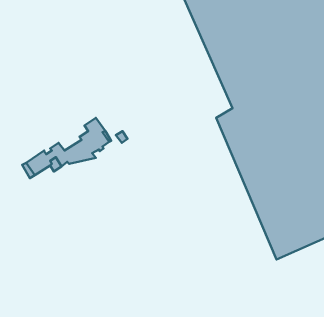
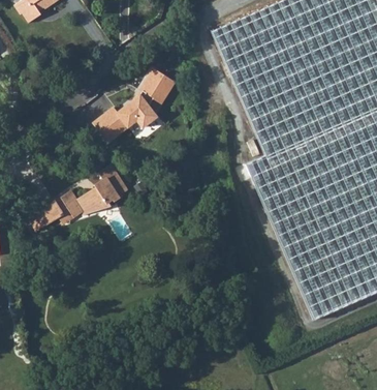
building: none -> [95,64,177,139]

